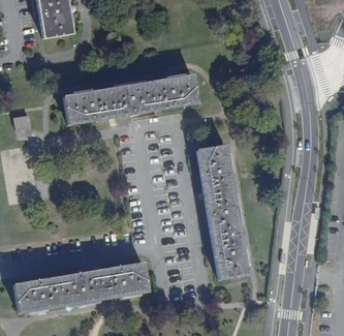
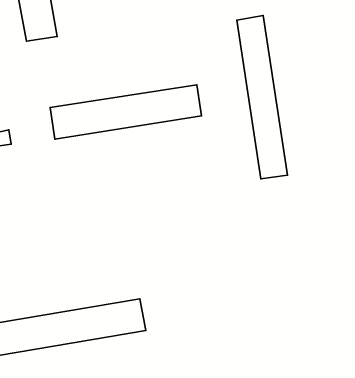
building: none -> [237,16,288,179]
building: [198,144,248,277] -> none

